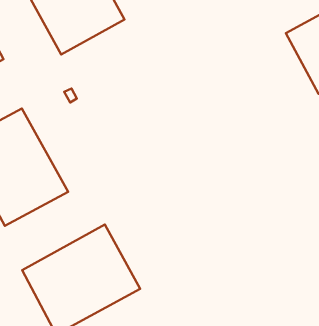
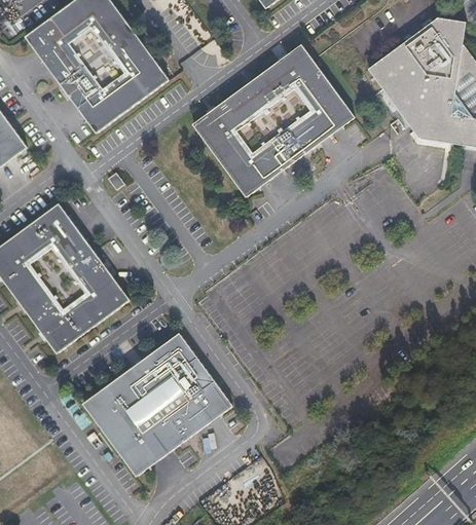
building: none -> [192,44,354,195]

